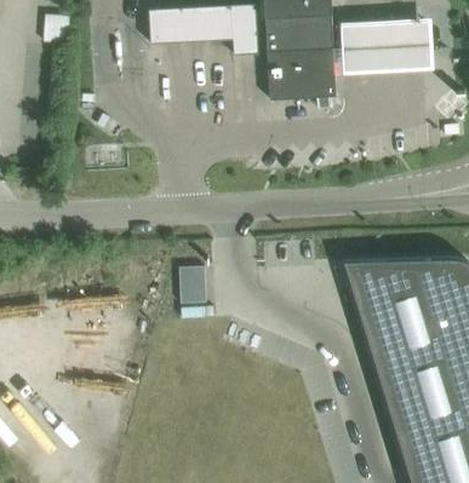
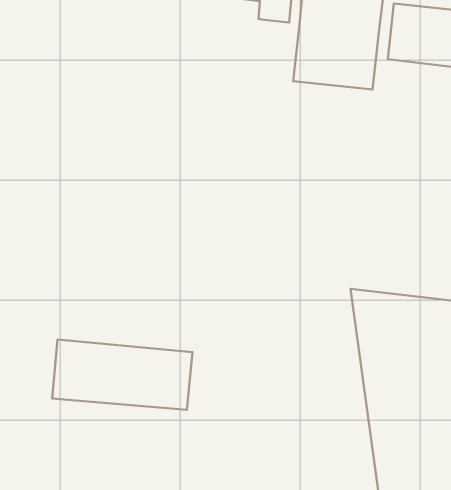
building: [179,265,206,301] -> none
building: none -> [52,339,192,410]

